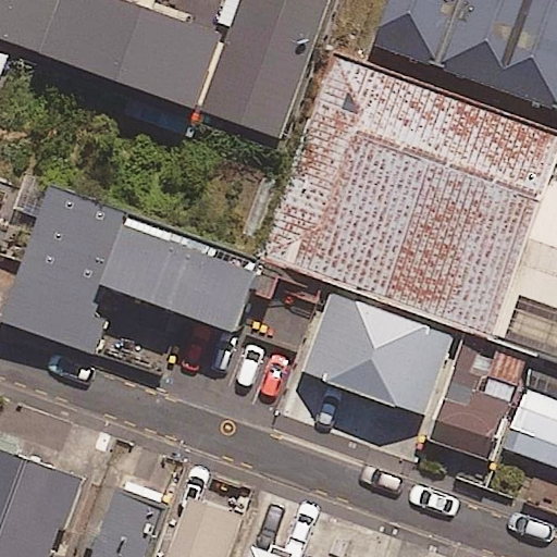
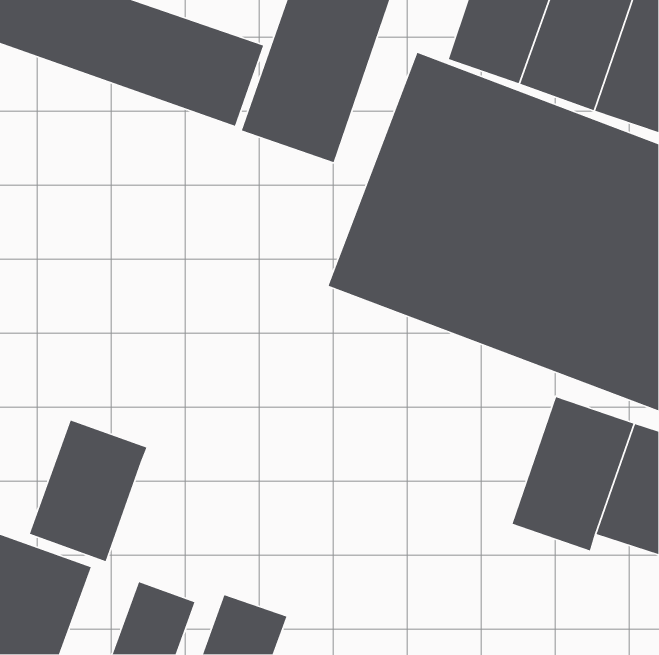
building: [4,186,262,355] -> none
building: [301,287,456,417] -> none
building: none -> [29,420,148,562]

